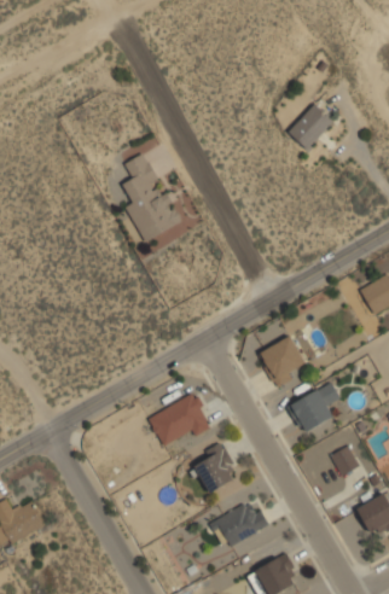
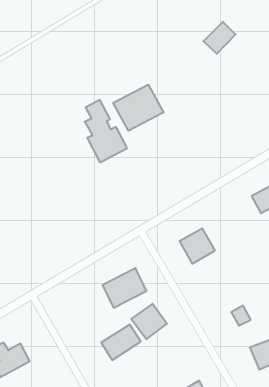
building: [288,103,333,148] -> [203,22,236,54]
building: none -> [113,85,164,131]
building: [288,383,339,432] -> none
building: [210,499,267,549] -> [101,325,141,360]

